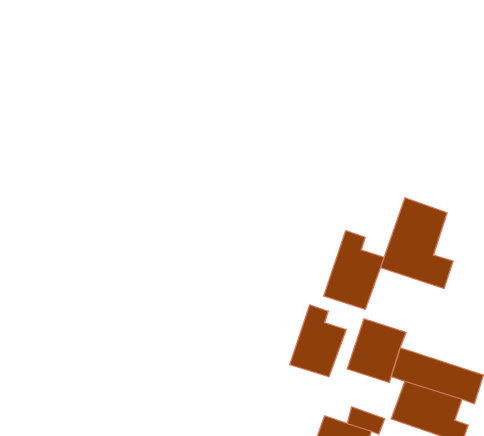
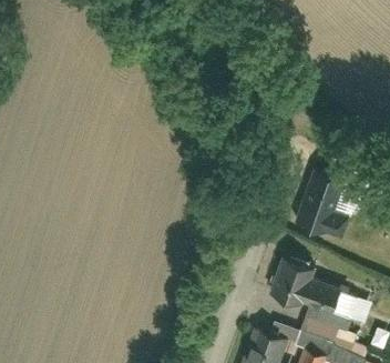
building: [324,231,384,309] -> none
building: [290,305,346,377] -> none

